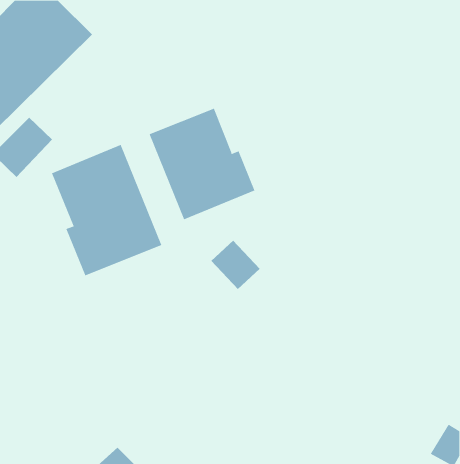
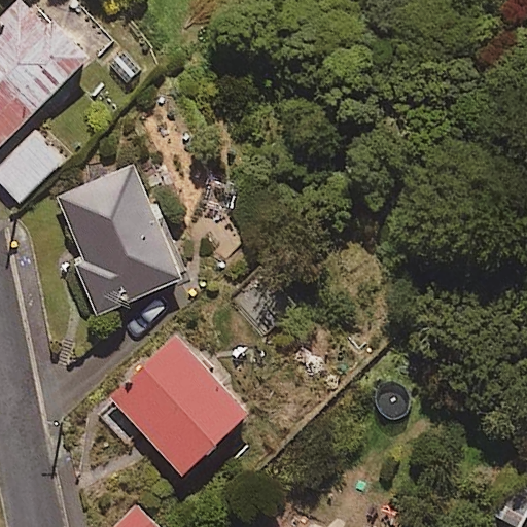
building: [149,108,255,220] -> none
building: none -> [100,336,246,476]

